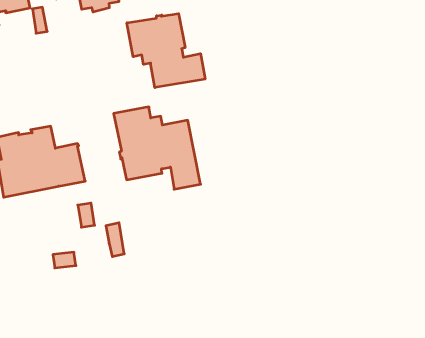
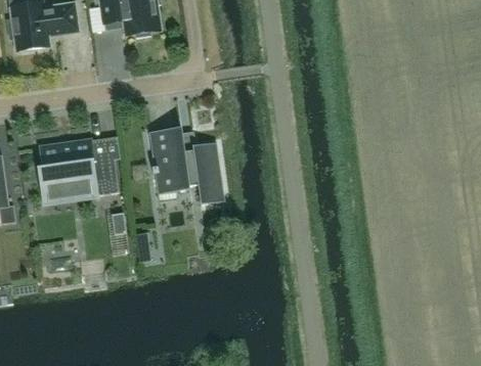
building: [127,14,205,88] -> none

